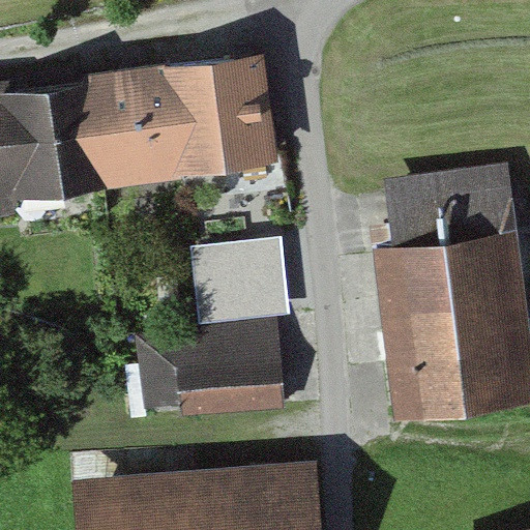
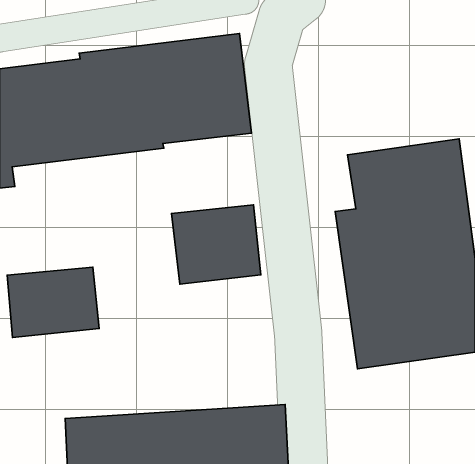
building: none -> [7,267,99,337]
building: [136,324,285,420] -> none

